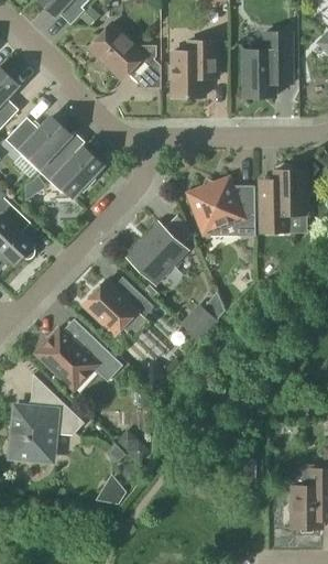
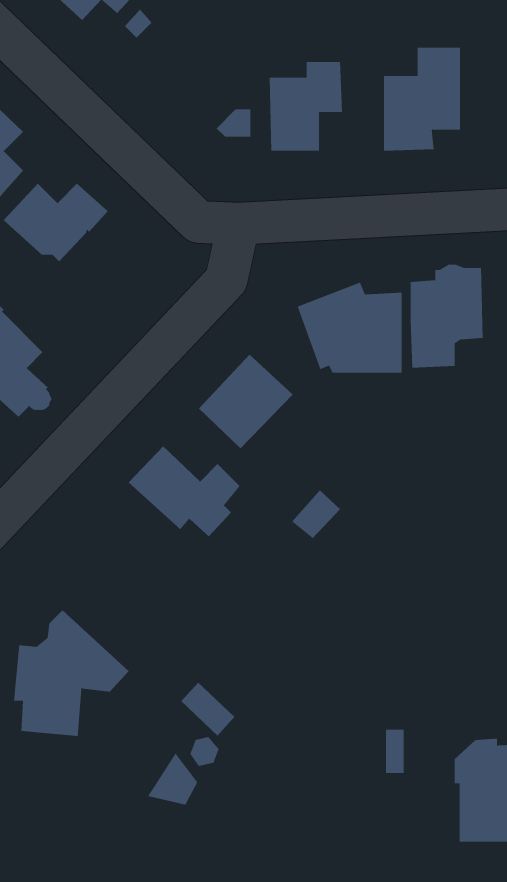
building: [87,23,155,78] -> none
building: [36,147,102,197] -> none
building: [35,328,122,389] -> none

